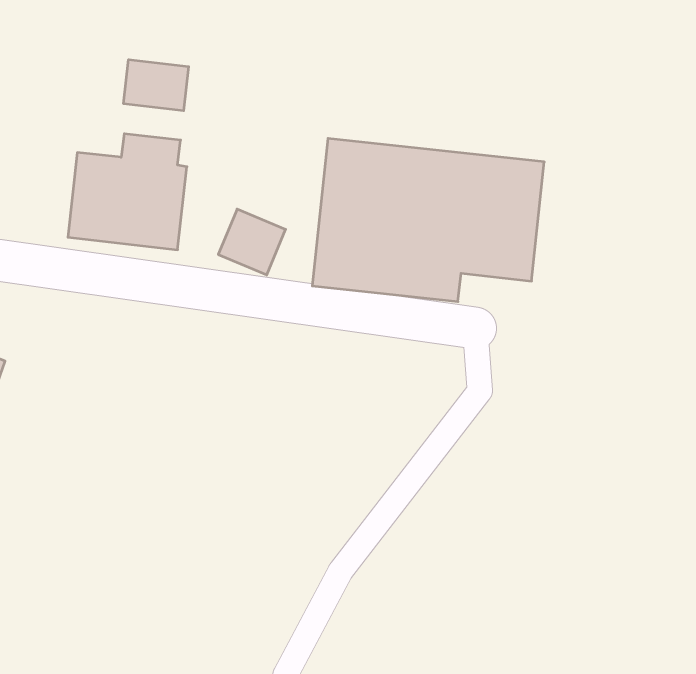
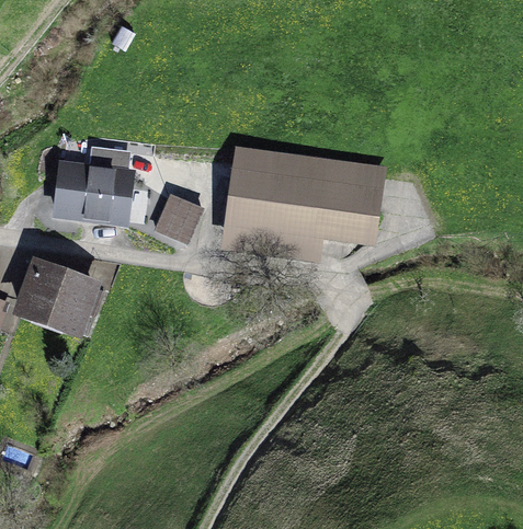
building: [124,60,189,111] -> none
building: none -> [15,258,100,334]

